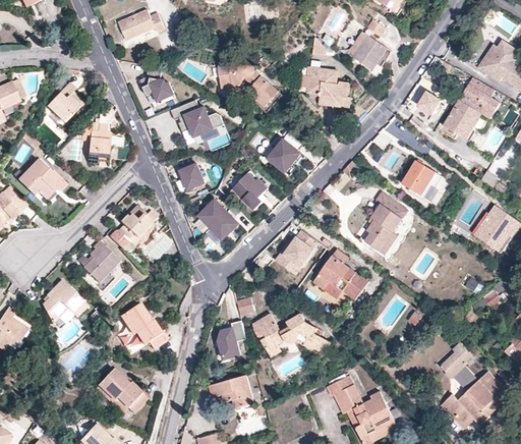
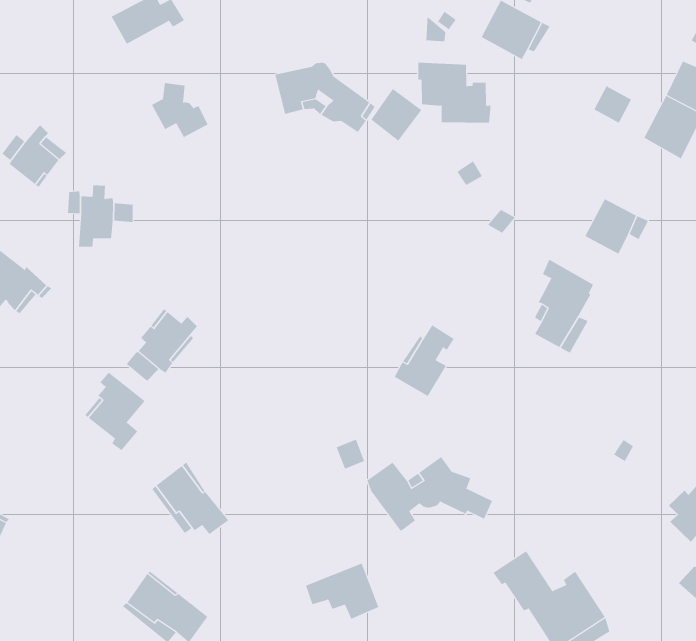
building: [170,99,223,136] -> none
building: [266,138,298,172] -> [371,88,422,142]
building: [179,162,206,190] -> none
building: [230,171,266,210] -> none
building: [195,198,236,238] -> none
building: [314,248,369,298] -> none
building: [42,281,88,324] -> none
building: [219,320,246,359] -> none

